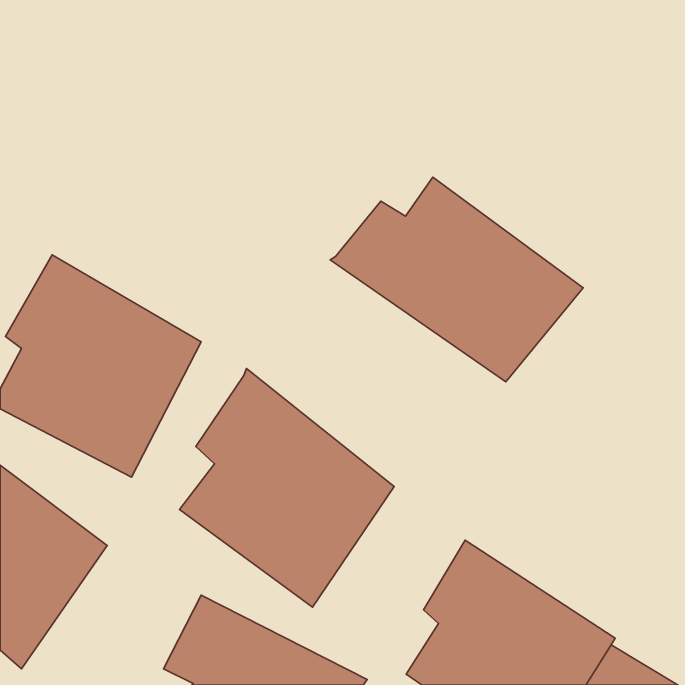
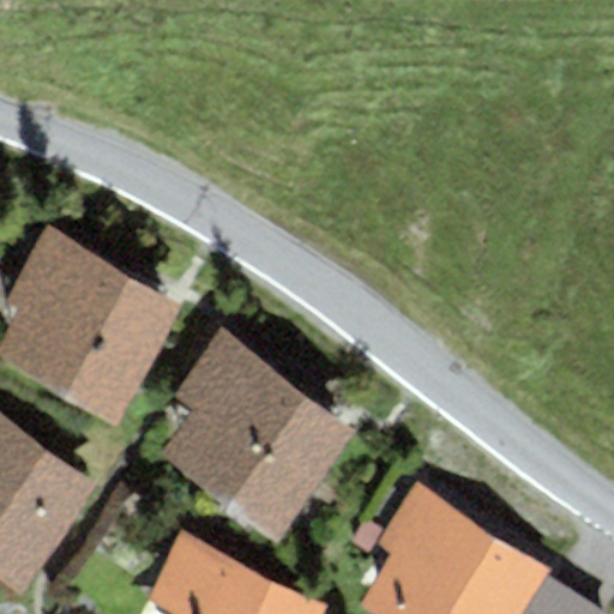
building: [330,177,583,382] -> none

